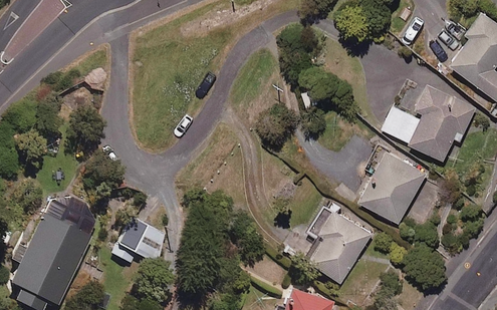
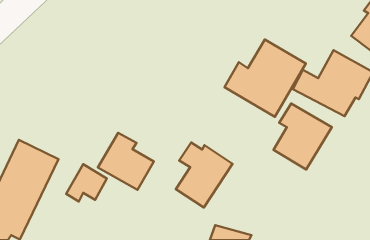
building: none -> [225,39,306,117]
building: none -> [98,133,154,190]
building: [306,210,374,287] -> [176,143,232,208]

